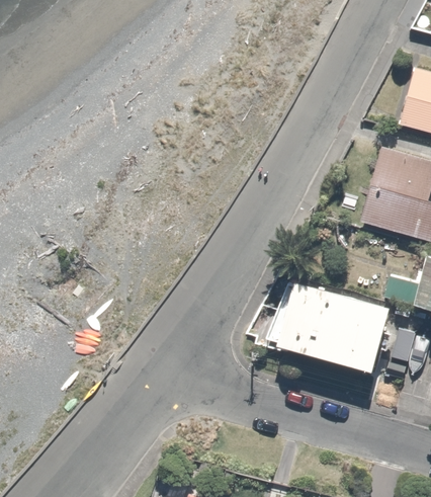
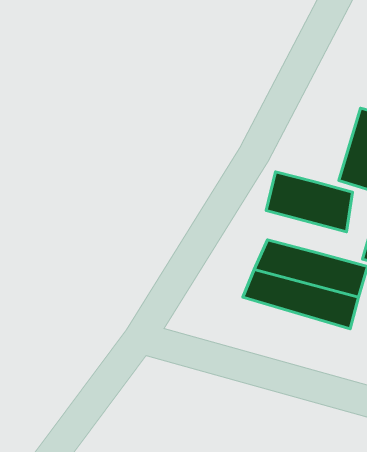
building: none -> [266,172,353,232]

